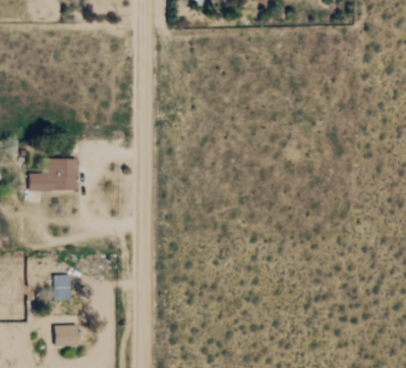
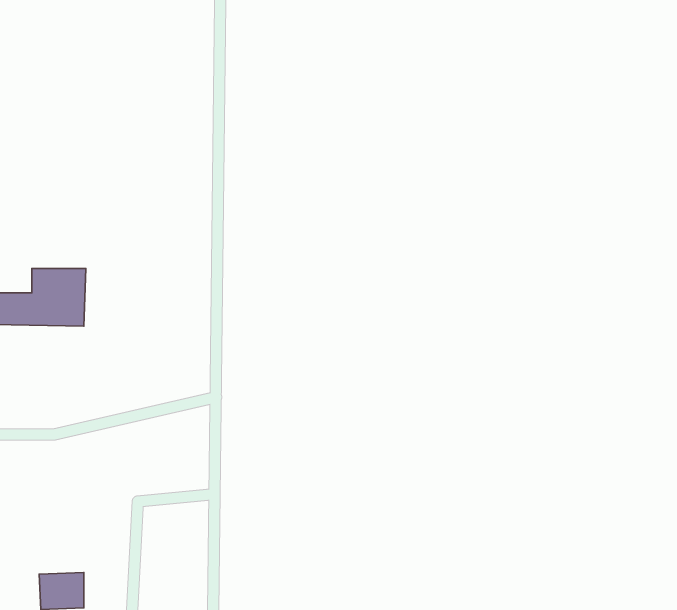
building: [54,275,71,300] -> none

